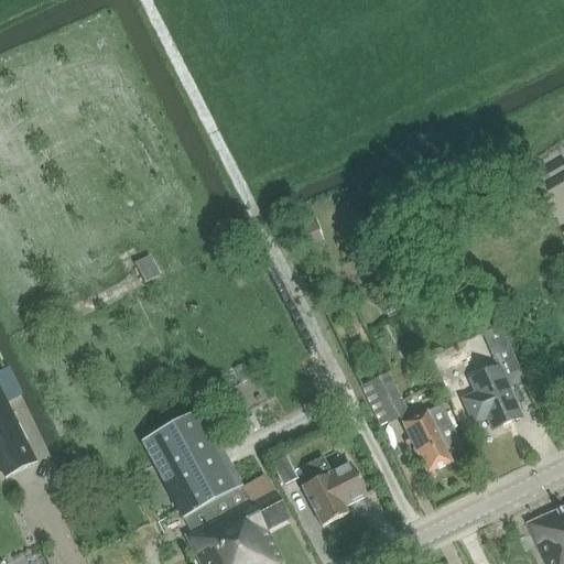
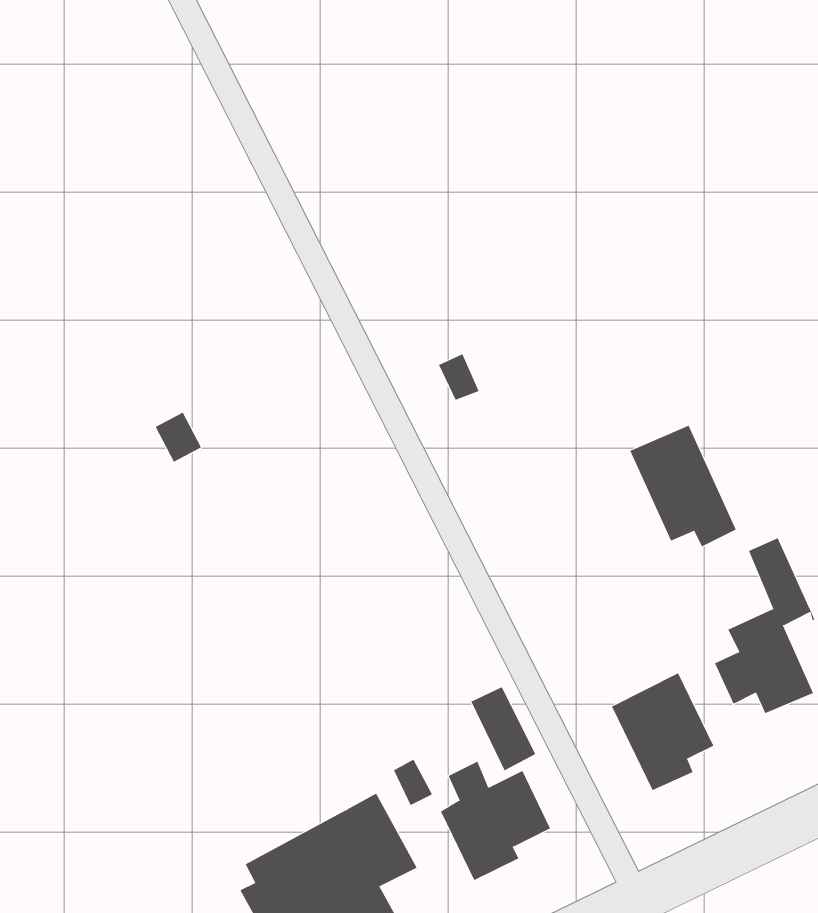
building: none -> [630,425,736,547]
building: [368,372,406,422] -> [470,687,536,771]
building: [144,408,246,517] -> none

